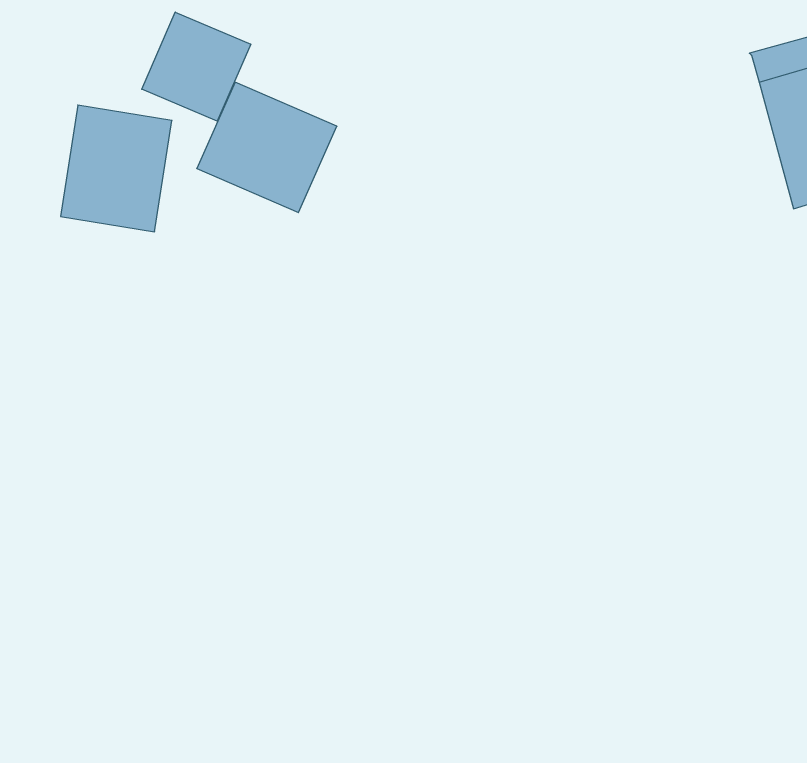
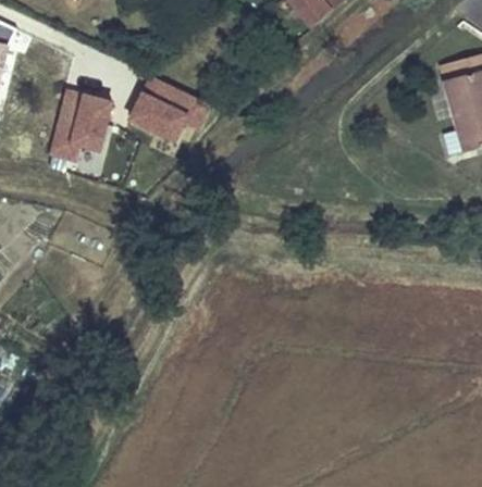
building: [142,12,251,121] -> none

